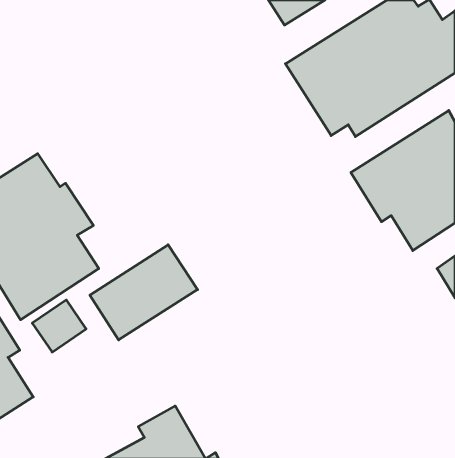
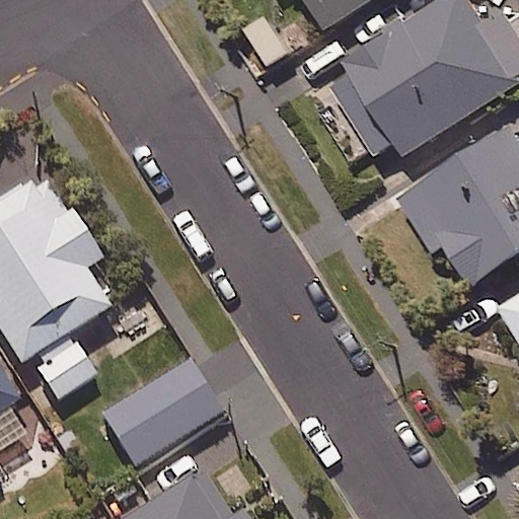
building: [90,245,198,340] -> [103,358,225,465]

